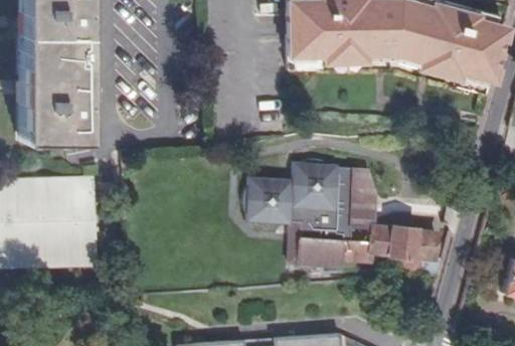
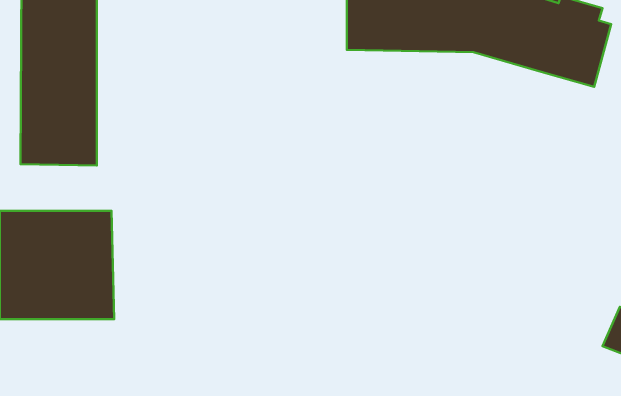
building: [249,162,444,279] -> none

